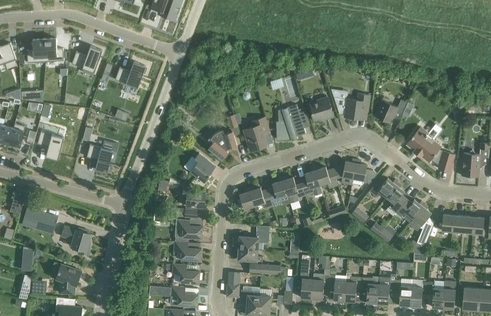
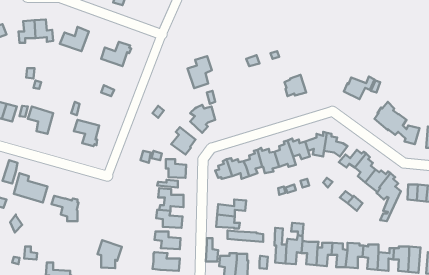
building: [344,93,370,118] -> none
building: [276,104,306,139] -> none
building: [243,116,269,150] -> [188,56,212,88]
building: [55,263,81,293] -> [97,240,122,268]

